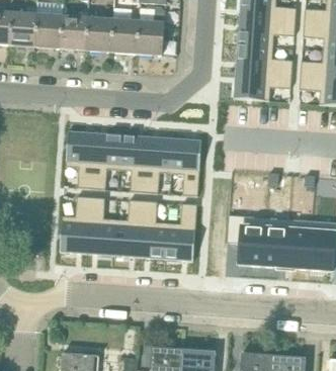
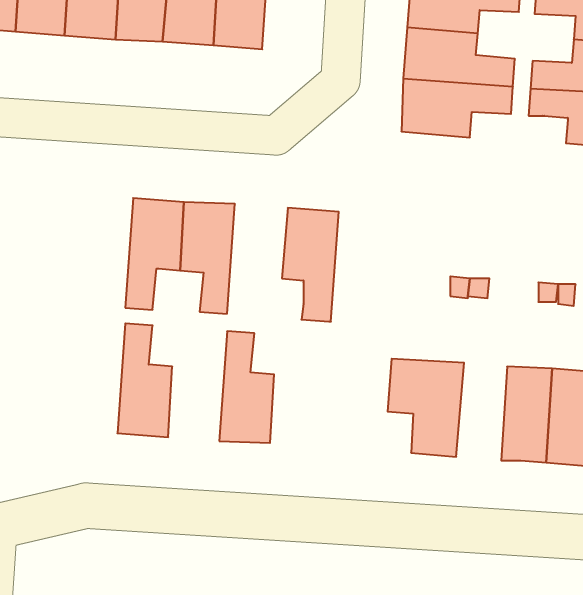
building: [65,129,94,188] -> none
building: [143,134,174,192] -> none
building: [59,195,90,253] -> none
building: [112,199,143,257] -> none
building: [165,202,196,260] -> none
building: [261,216,287,267] -> none

